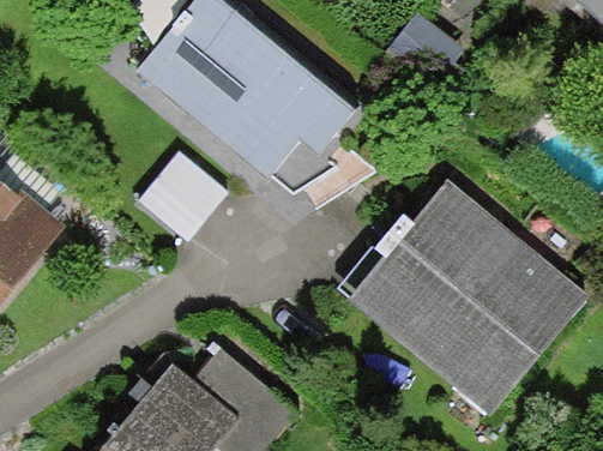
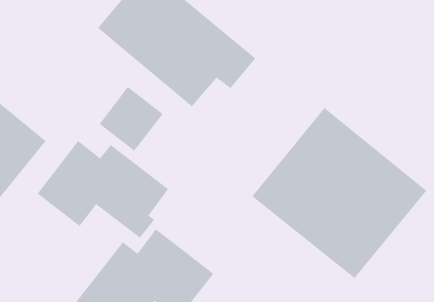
building: none -> [37,140,169,239]

